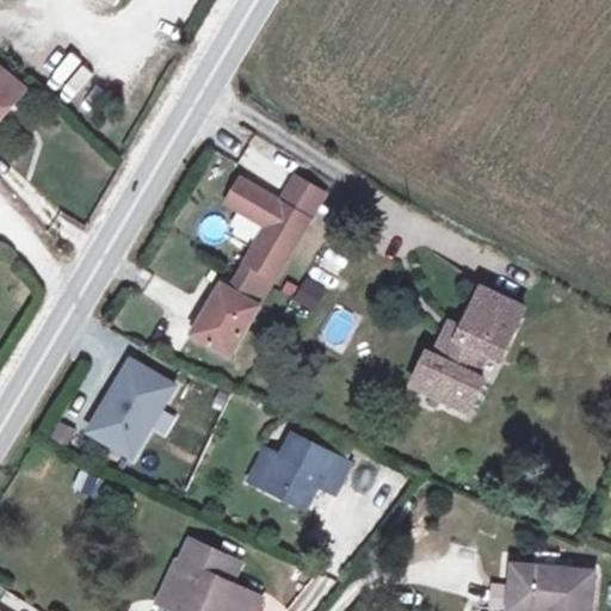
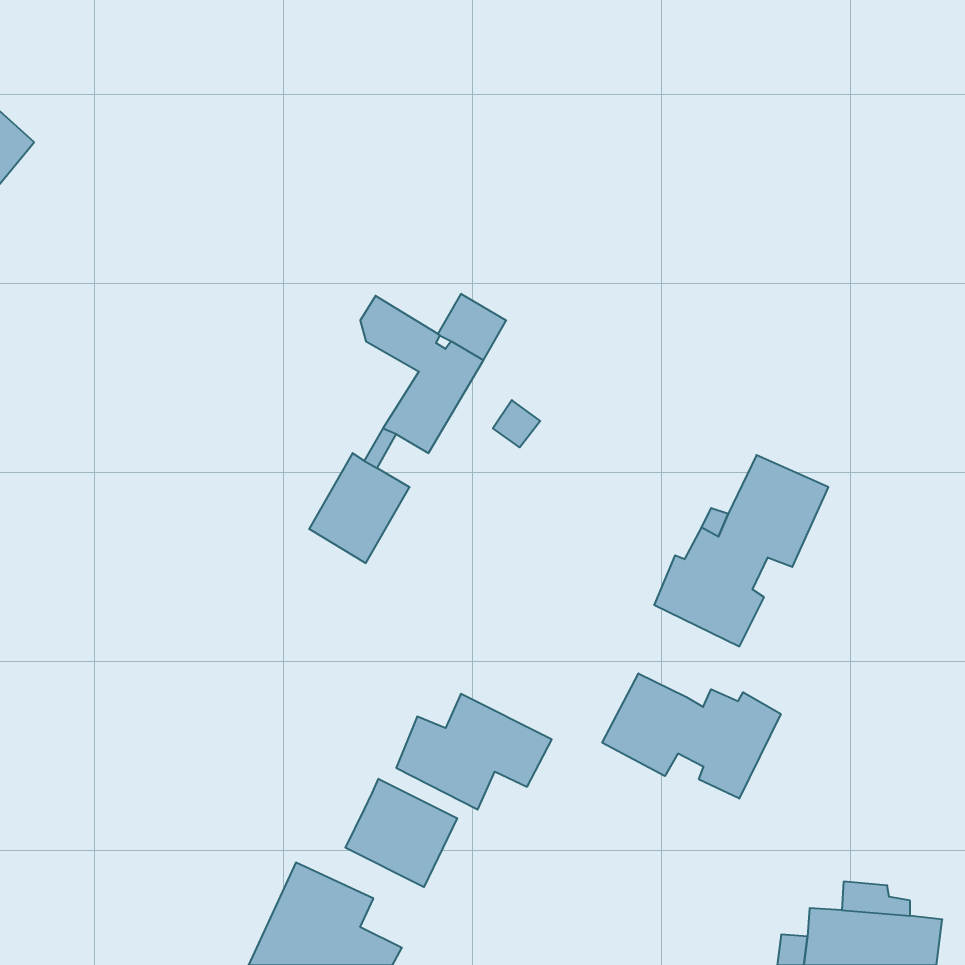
building: [88,357,173,453] -> none
building: none -> [602,673,781,799]
building: none -> [345,779,457,887]

